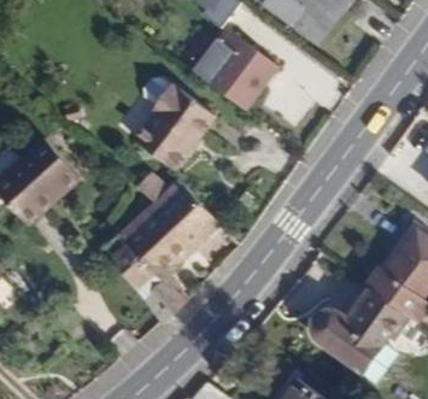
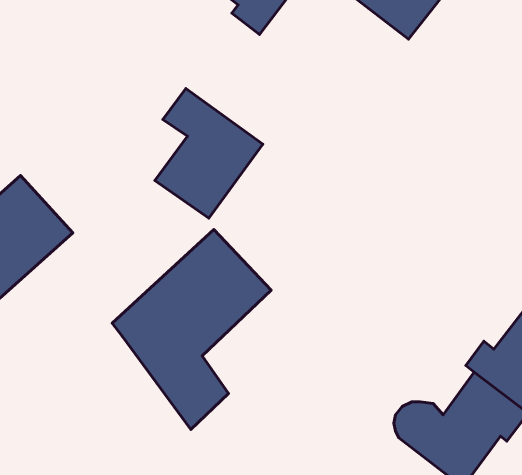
building: [190,31,275,110] -> none

